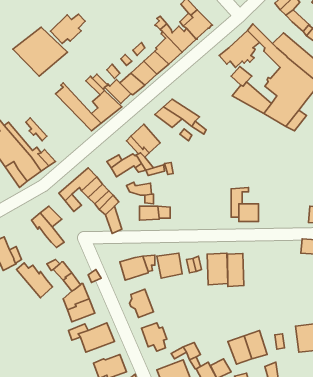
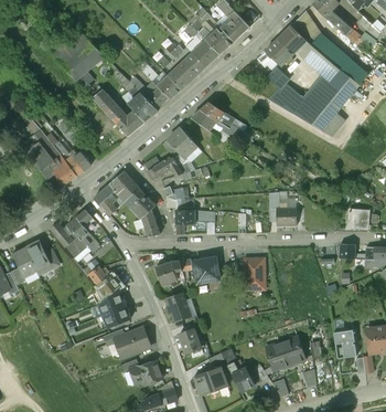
building: [50,14,85,43] -> none
building: [228,253,244,286] -> none
building: [16,263,52,298] -> [51,222,87,257]

